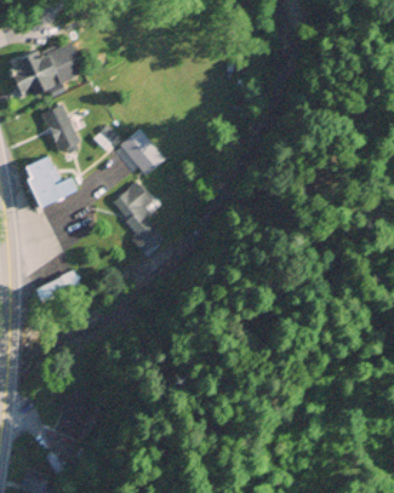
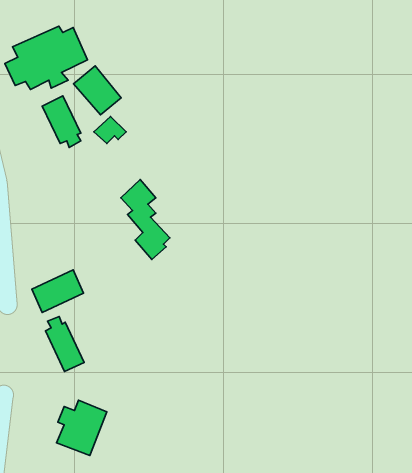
building: [121,128,166,174] -> [73,66,121,115]
building: [23,155,76,210] -> none
building: none -> [45,317,84,371]

